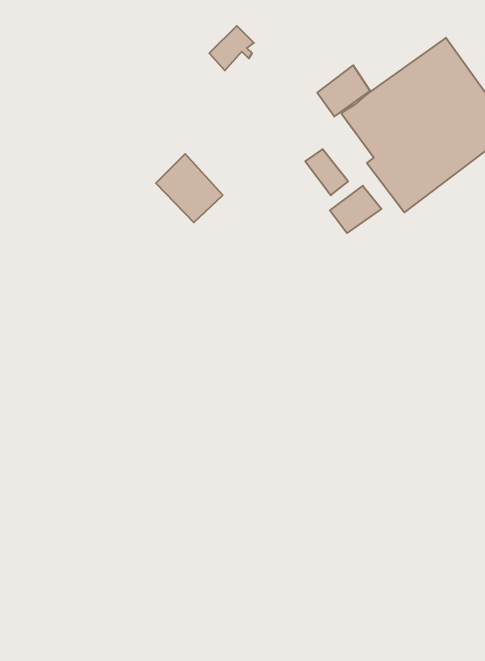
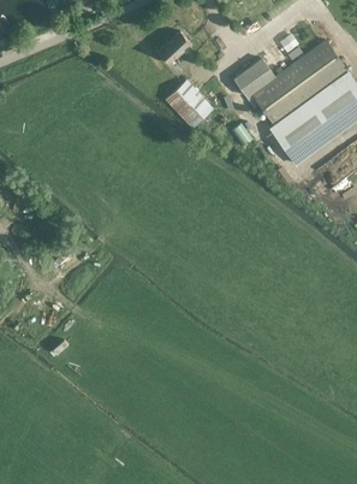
building: [156,154,223,222] -> [166,79,213,128]
building: [330,186,381,233] -> none

